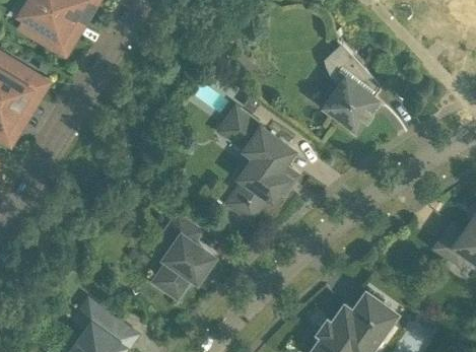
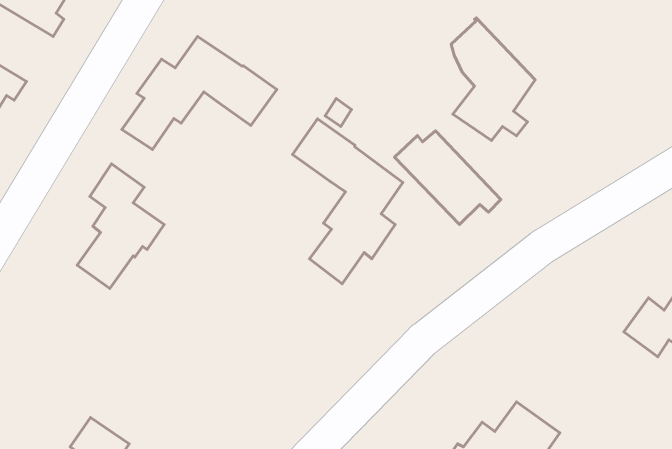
building: none -> [122,36,277,150]
building: none -> [395,131,501,224]
building: [157,215,214,296] -> [77,164,164,288]

